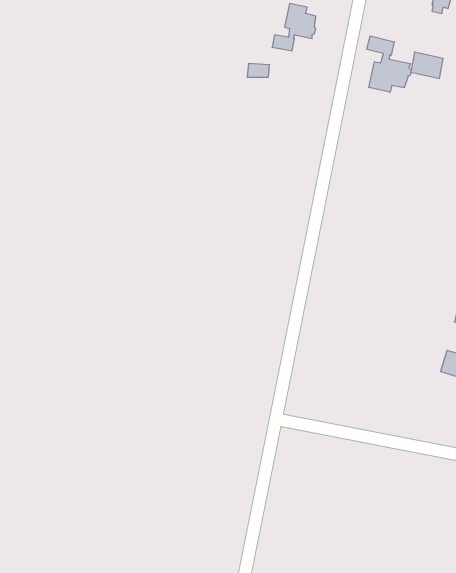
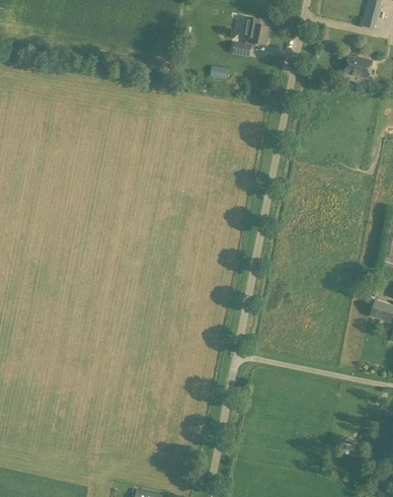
building: [367,36,411,92] -> none

